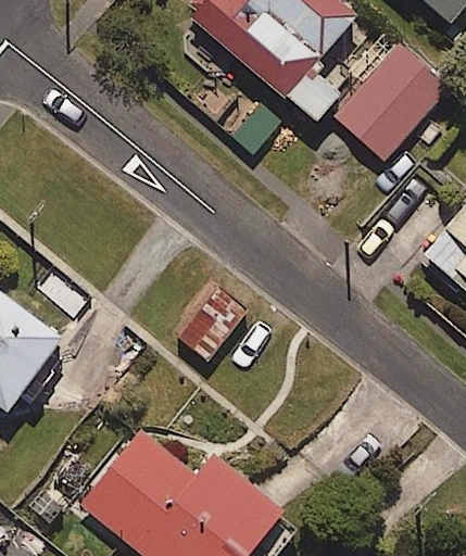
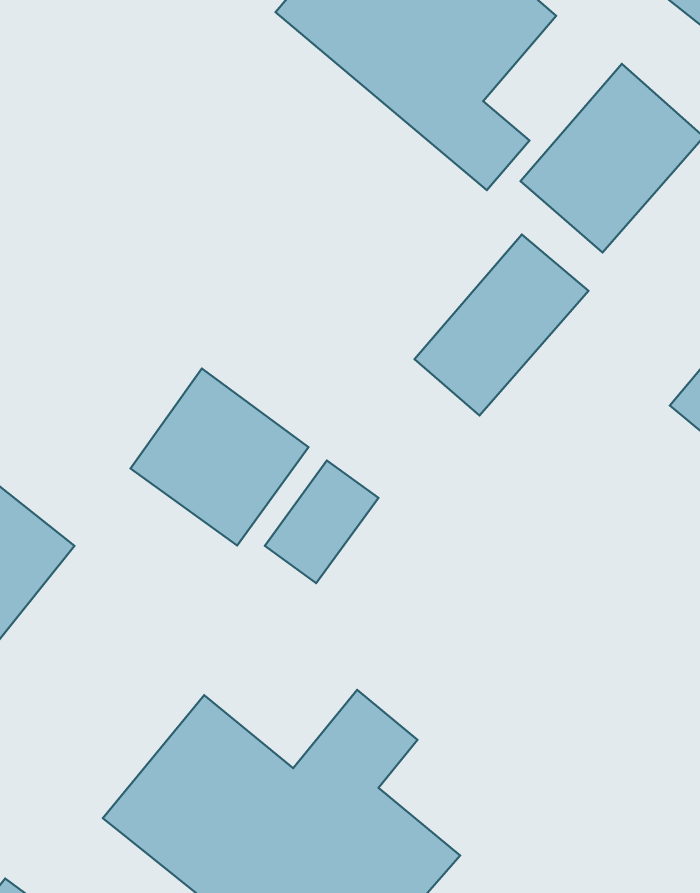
building: none -> [414,235,589,416]
building: none -> [131,369,309,545]

